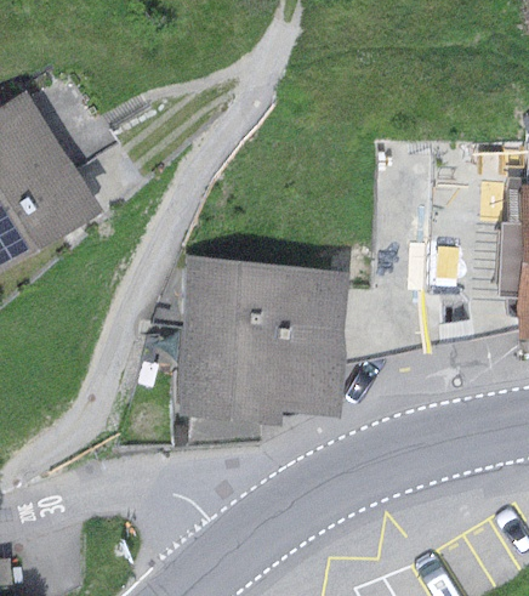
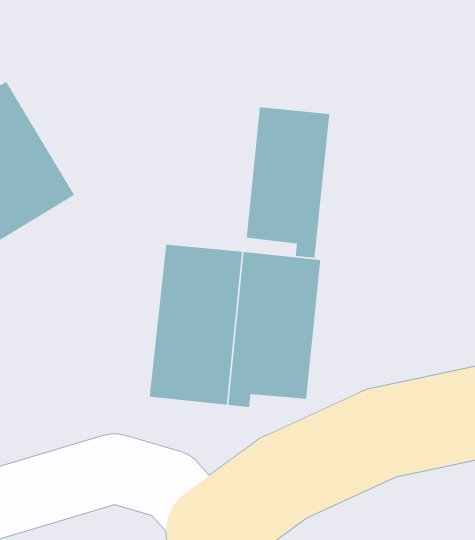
building: none -> [246,107,330,259]

